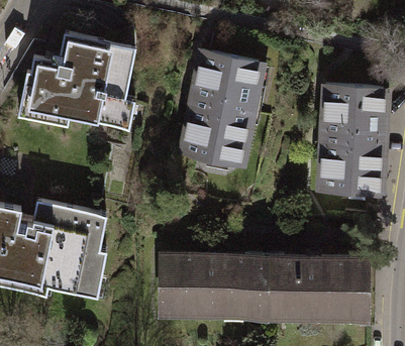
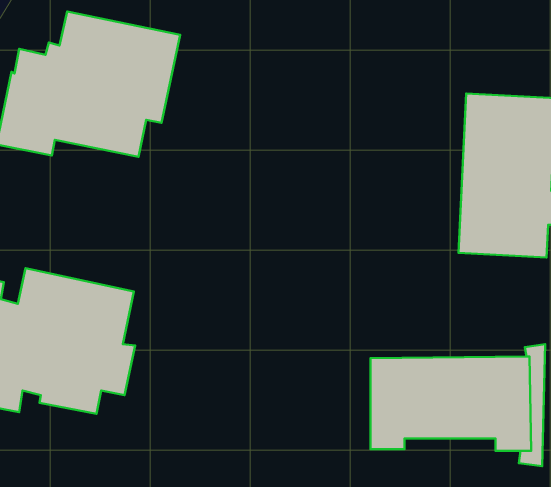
building: [178,52,257,166] -> none
building: [160,259,260,319] -> none

